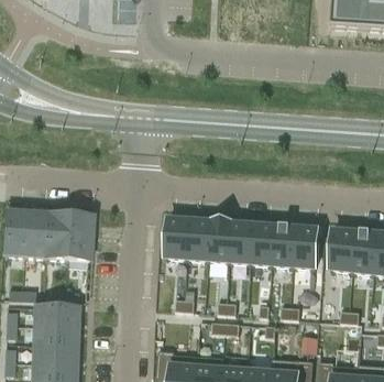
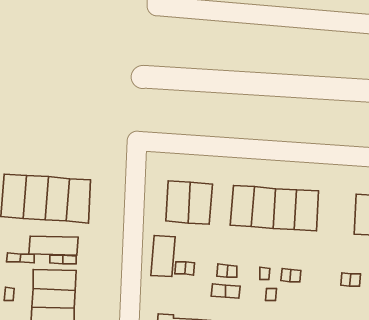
building: [209,221,233,262] -> [151,236,175,277]
building: [331,229,355,271] -> none
building: none -> [29,236,78,255]

